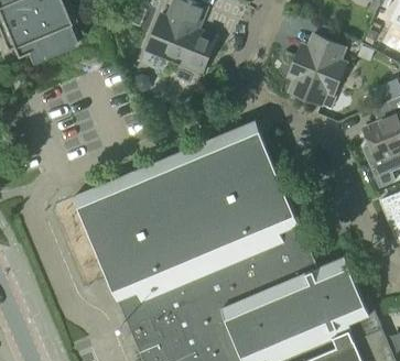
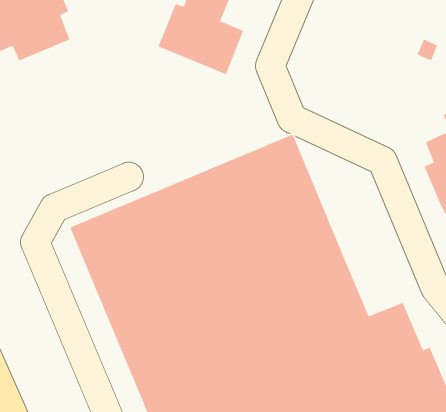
building: [288,34,346,106] -> none

